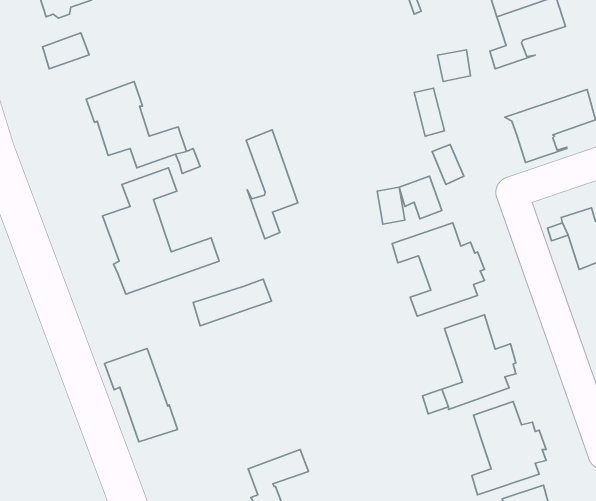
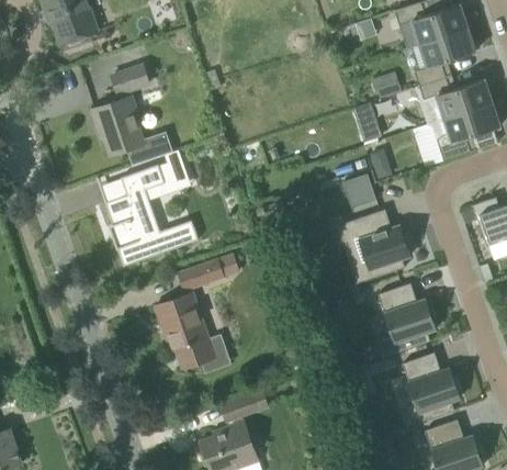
building: [42,33,89,69] -> [112,65,149,93]
building: none -> [419,75,493,124]
building: [246,130,298,239] -> none
building: [105,349,177,442] -> [156,293,214,368]

